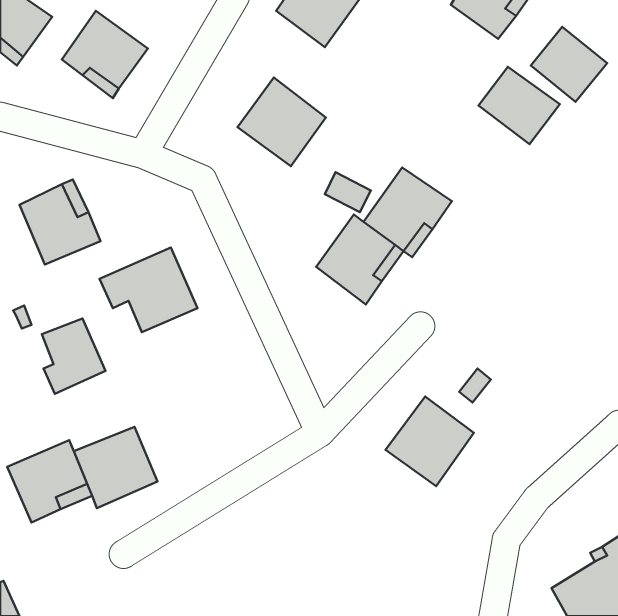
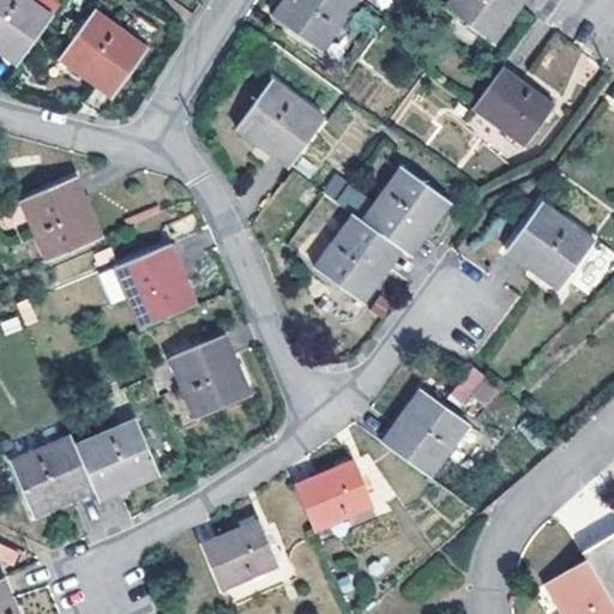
building: none -> [507,200,595,287]
building: [42,318,105,394] -> none
building: none -> [167,335,247,419]
building: none -> [291,456,368,526]
building: none -> [198,519,276,589]

